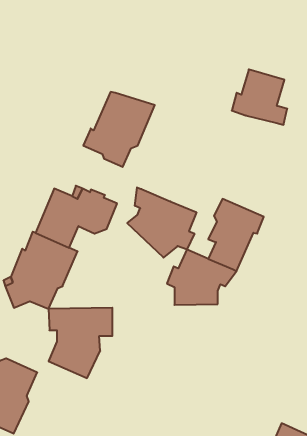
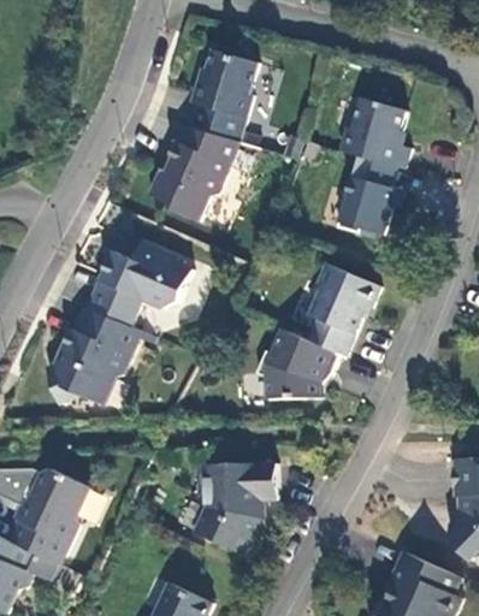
building: none -> [190,49,259,143]
building: none -> [338,156,402,235]
building: [127,187,196,258] -> none
building: [49,308,112,378] -> [195,463,277,553]

